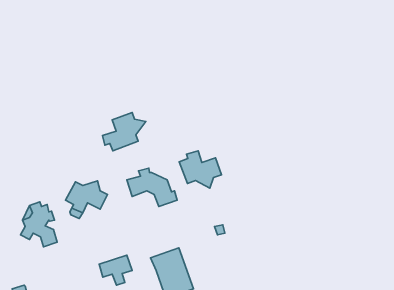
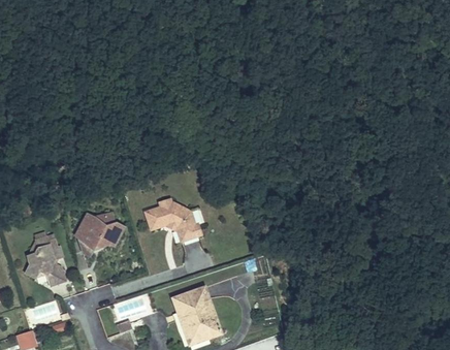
building: [102,113,146,151] -> none
building: [179,151,222,188] -> none

